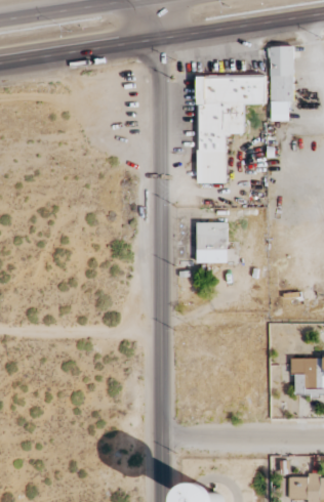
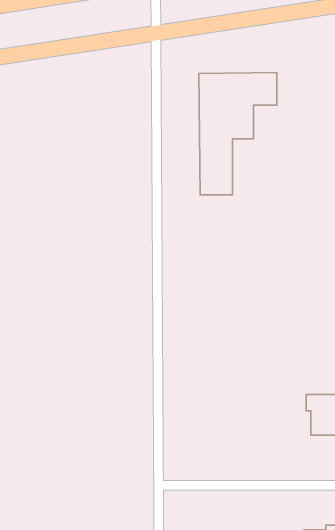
building: [270,46,294,121] -> none
building: [197,222,228,263] -> none

